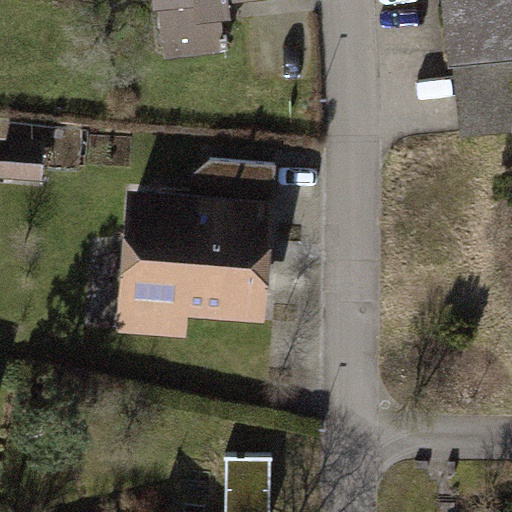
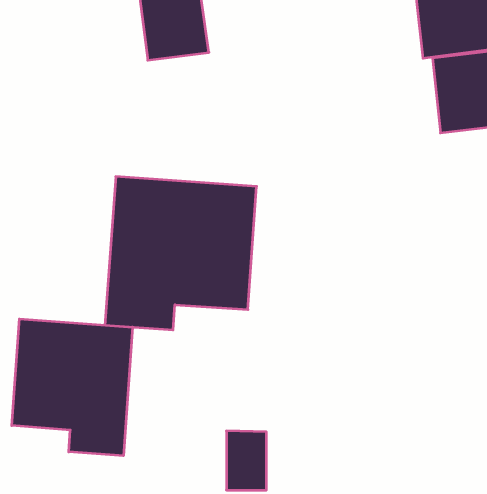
building: none -> [12,319,132,456]

